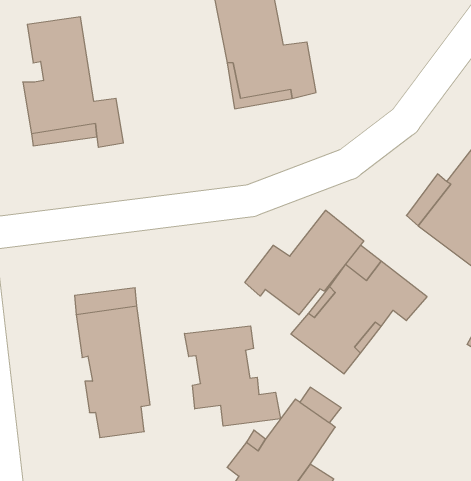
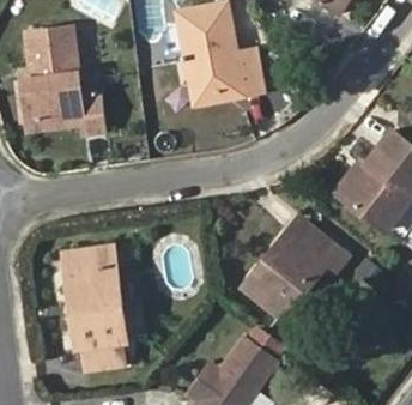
building: [245,210,364,315] -> none
building: [185,326,281,426] -> none

